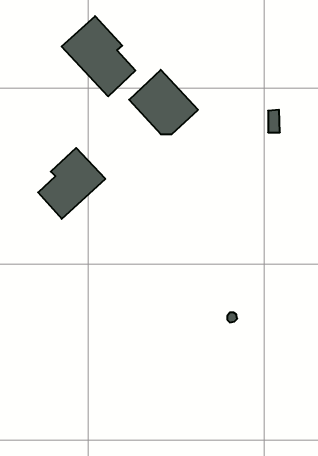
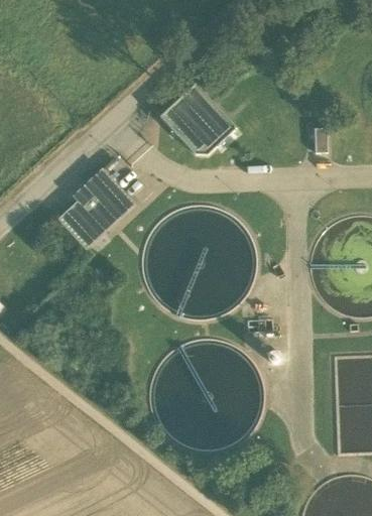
building: [62,16,135,96] -> none

